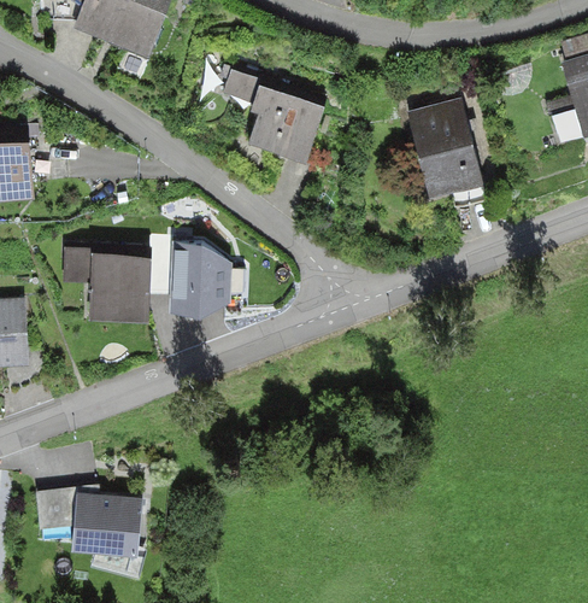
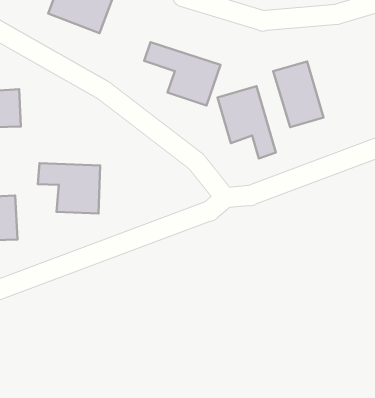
building: none -> [218,86,276,158]
building: [170,244,222,311] -> none
building: [31,481,139,574] -> none

